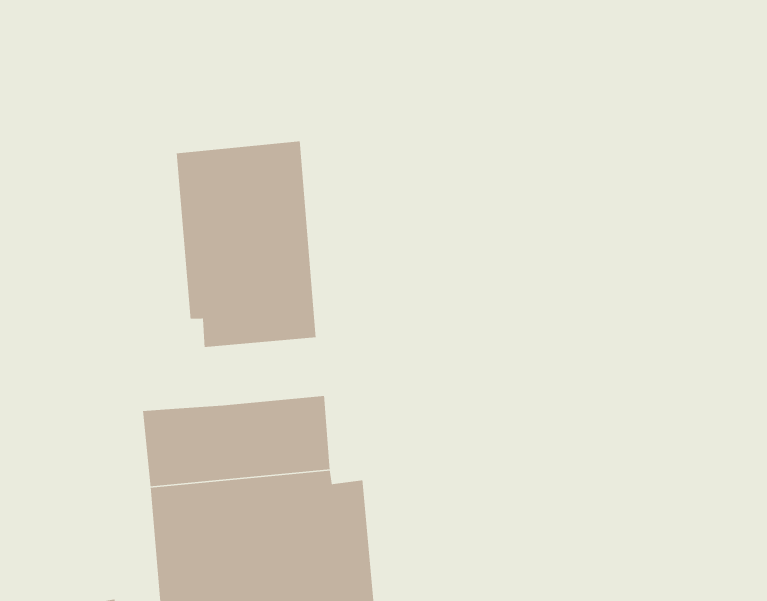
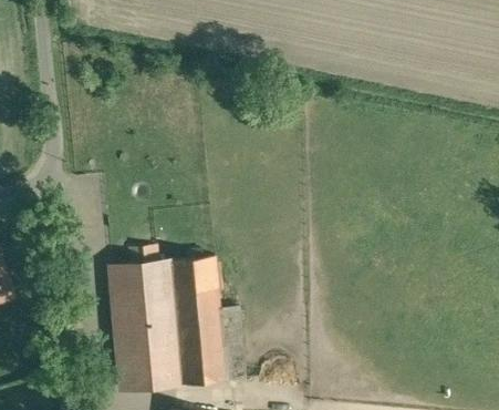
building: [176,141,317,348] -> none

